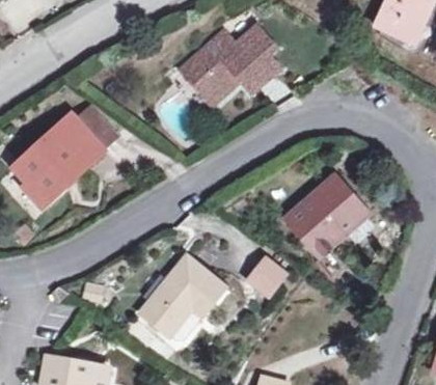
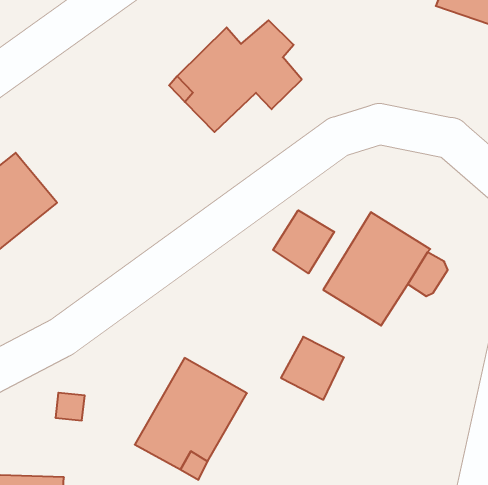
building: [71,100,117,152] -> none
building: none -> [273,210,334,273]

